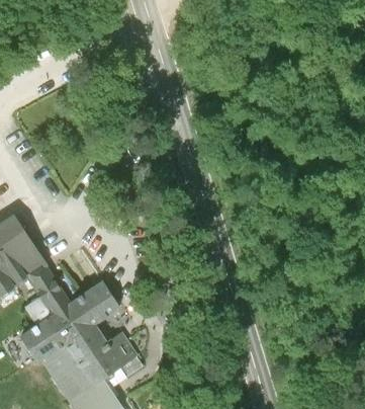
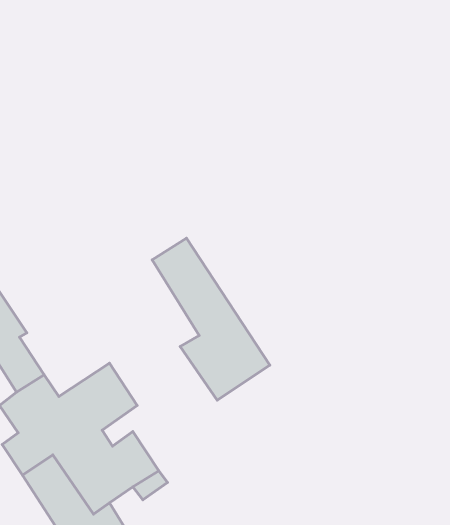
building: none -> [152,238,270,400]

